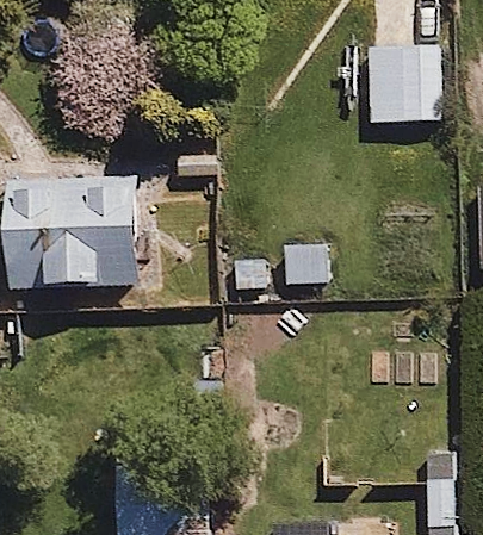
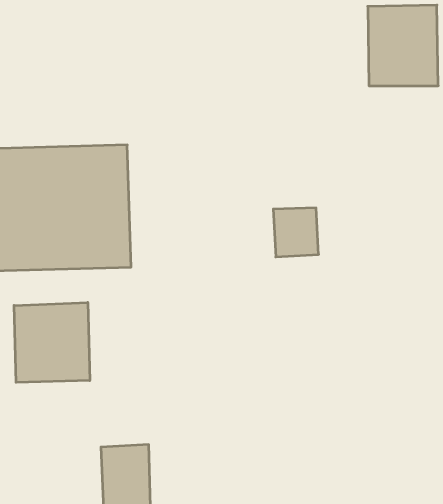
building: none -> [14,302,90,382]

